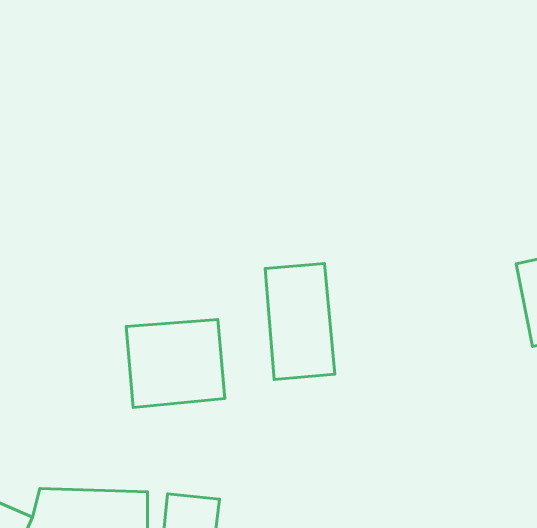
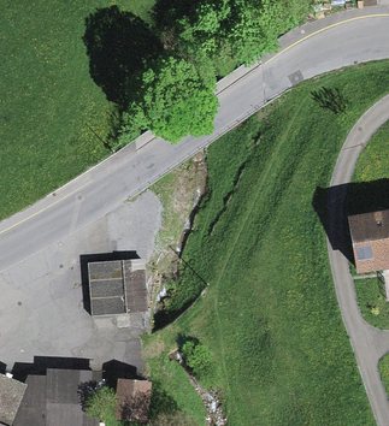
building: [265,264,335,380] -> none

